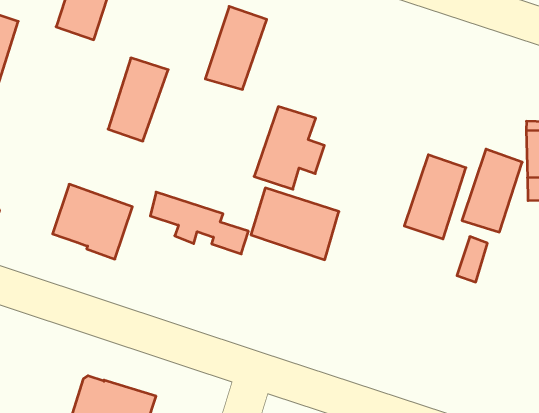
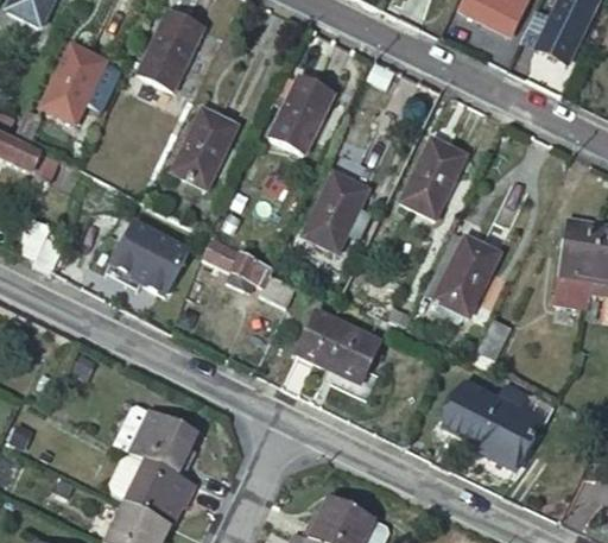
building: [462,149,522,232] -> [403,139,466,217]
building: [251,188,339,260] -> [296,308,380,381]
building: none -> [443,379,539,465]

